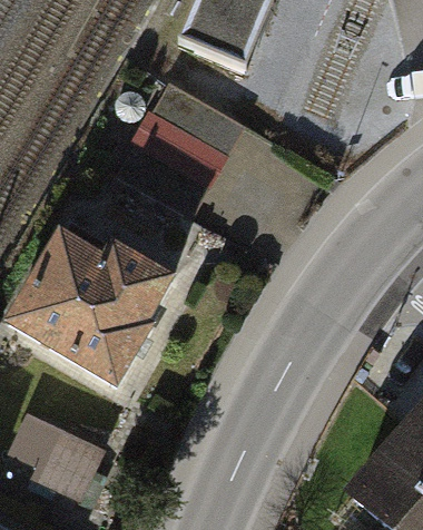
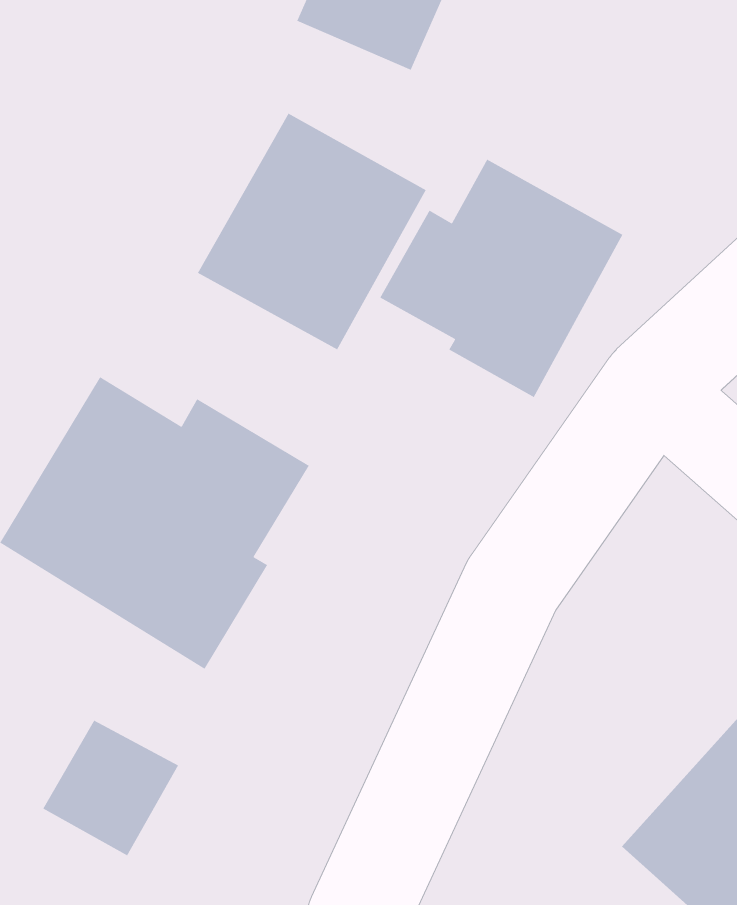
building: none -> [379,158,624,398]

